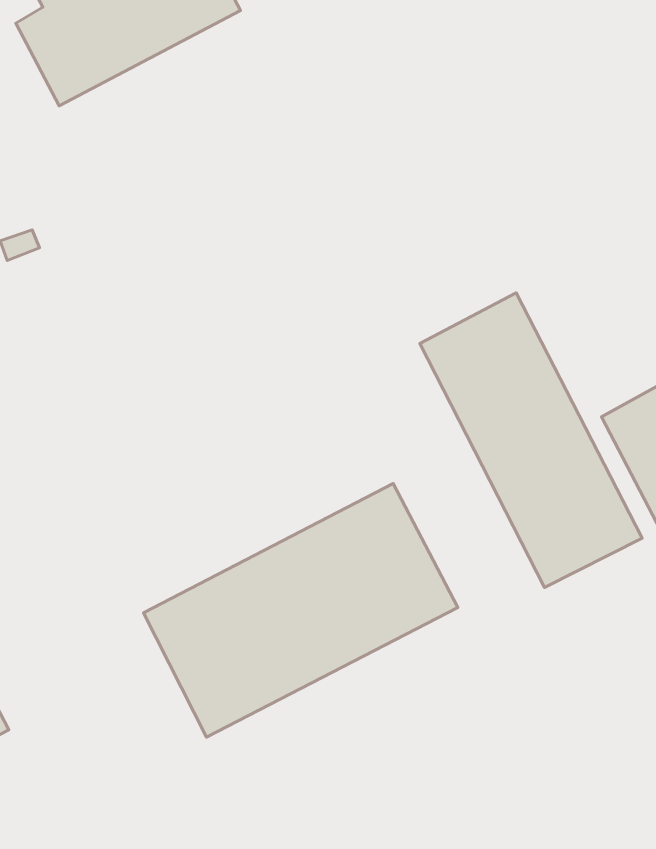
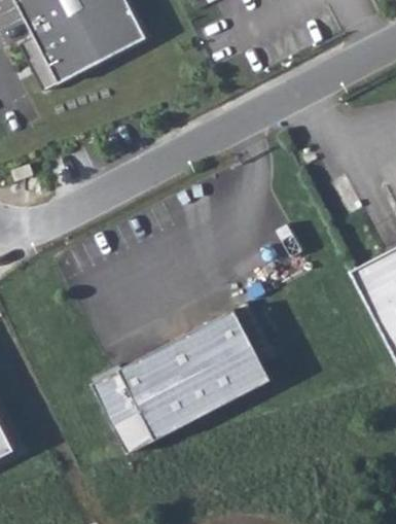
building: [420,293,642,588] -> none

